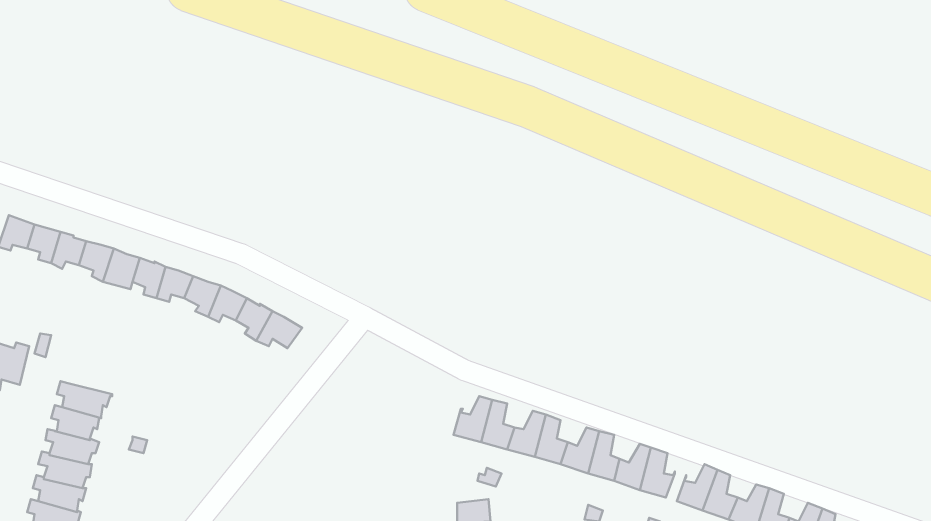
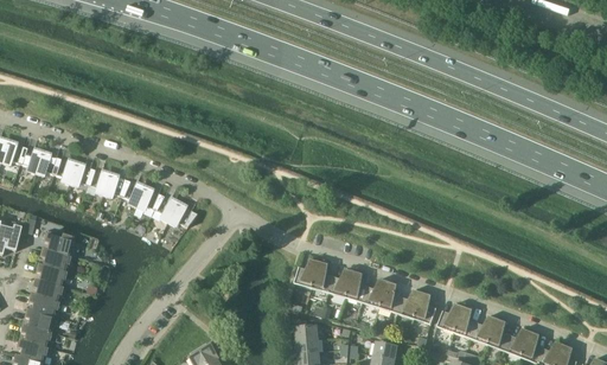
building: none -> [43,229,81,256]

